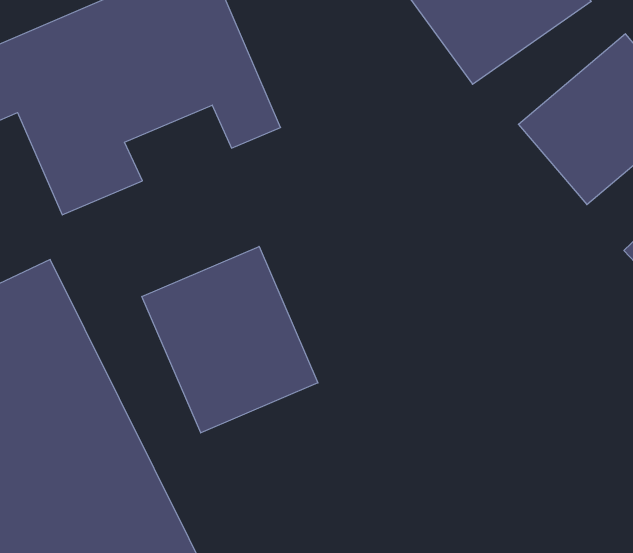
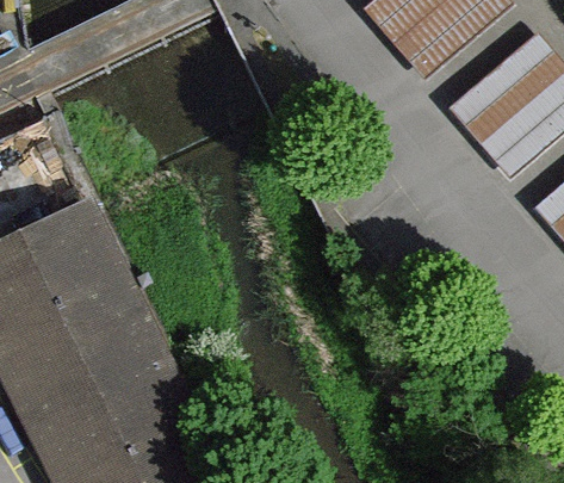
building: [142,246,318,433] -> none

